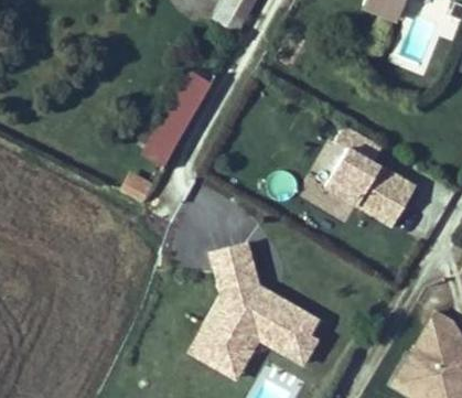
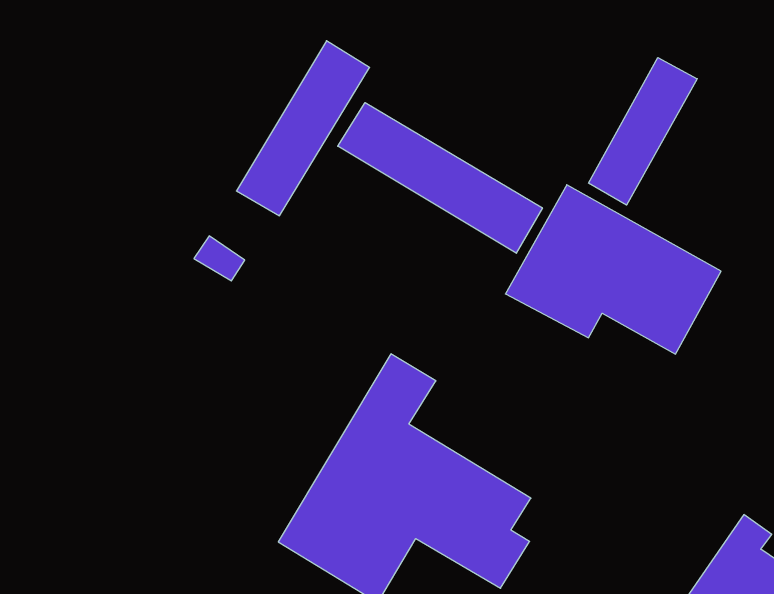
building: none -> [589,58,697,205]
building: none -> [338,103,542,253]

